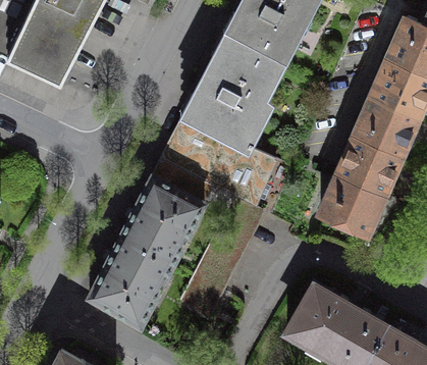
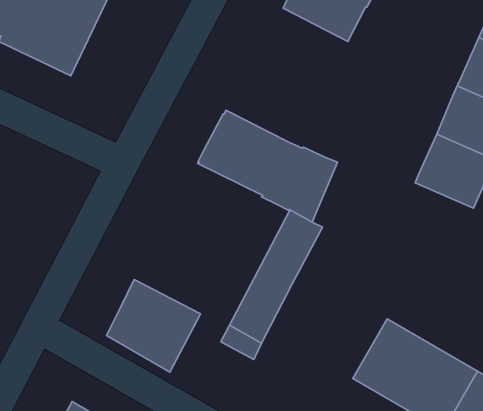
building: [184,35,283,154] -> none
building: [112,159,215,279] -> none
building: [320,174,384,233] -> none

